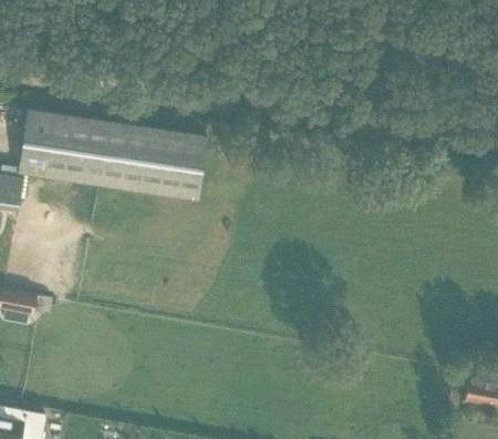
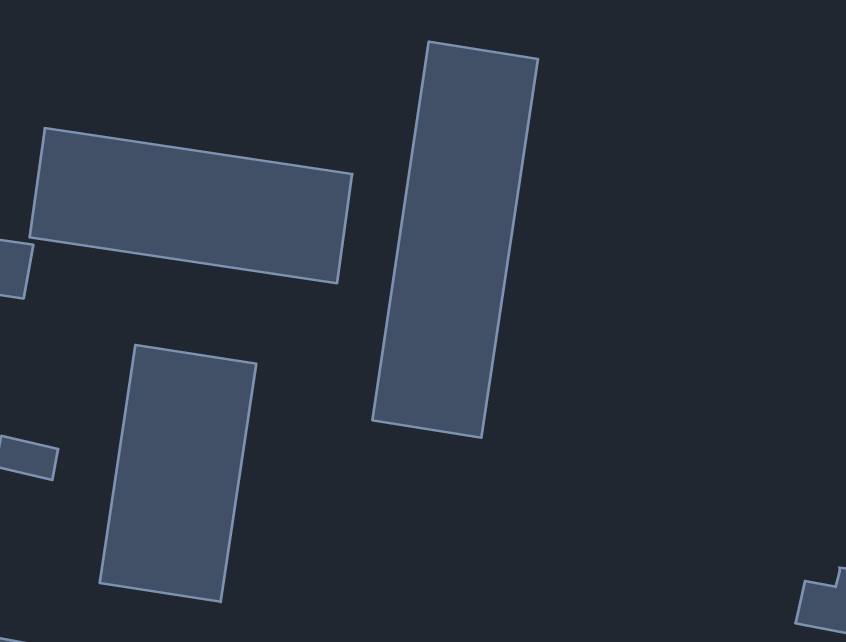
building: none -> [373,42,538,438]
building: none -> [100,345,256,602]

